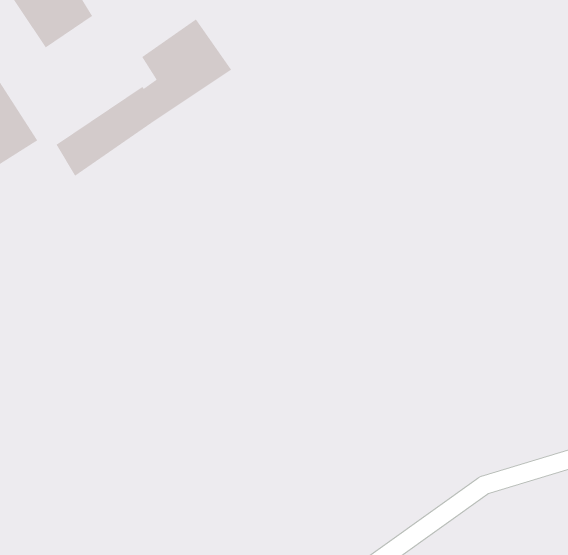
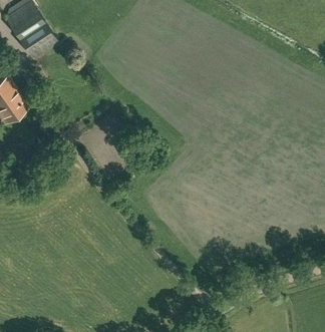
building: [56,17,232,177] -> none

